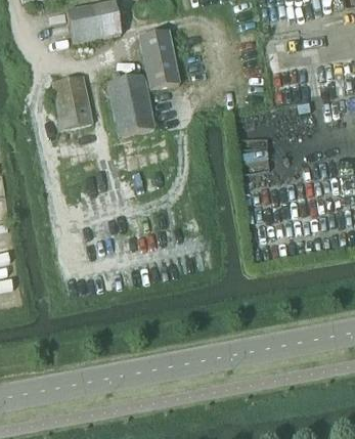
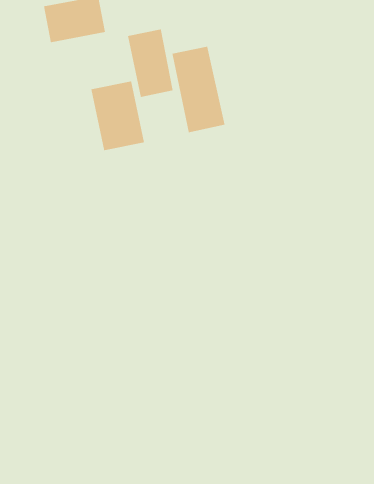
building: none -> [172,46,225,133]
building: [52,75,93,127] -> none

